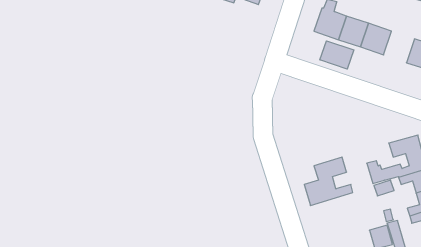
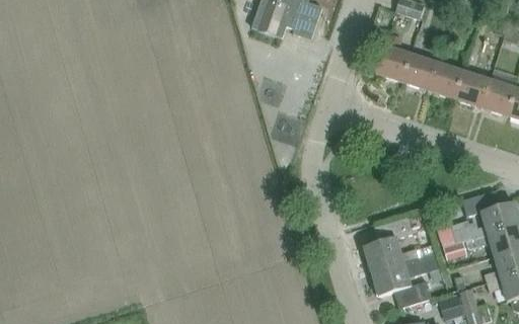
building: none -> [455,70,491,106]
building: [320,41,354,69] -> none
building: none -> [371,251,440,306]

